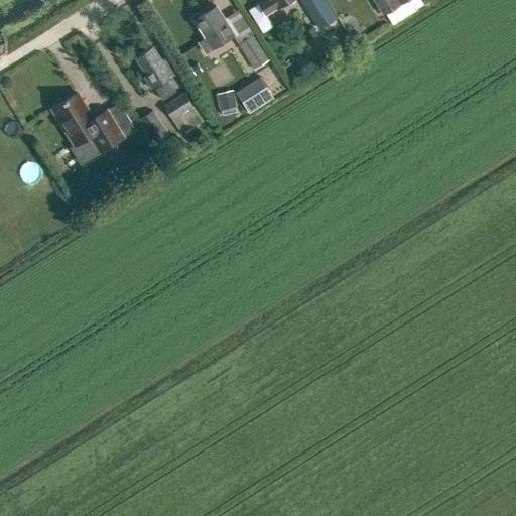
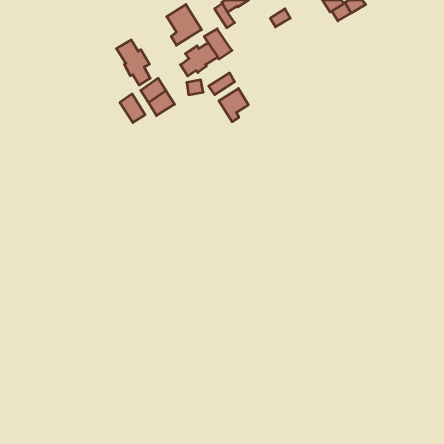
building: none -> [180,43,218,76]
building: [51,92,123,162] -> none
building: none -> [219,88,248,122]

